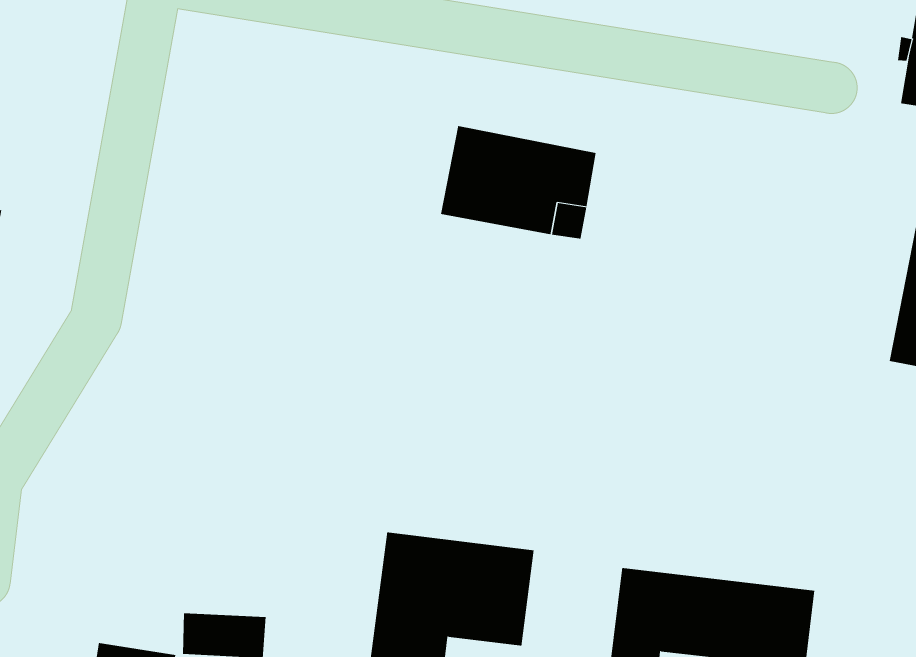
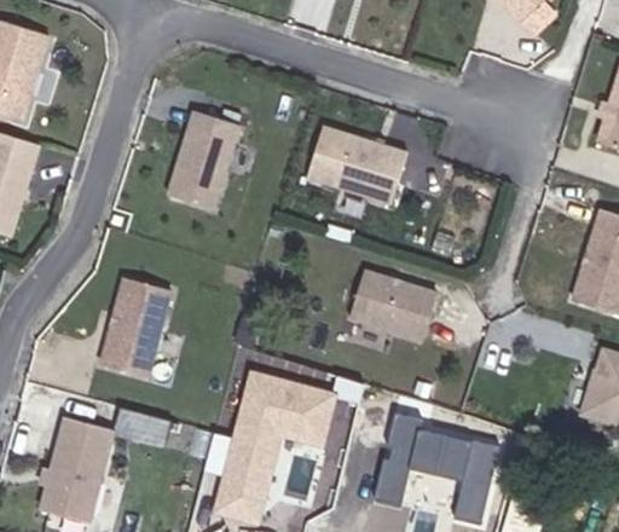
building: none -> [168,110,238,208]
building: none -> [346,271,434,341]
building: none -> [100,279,170,377]

